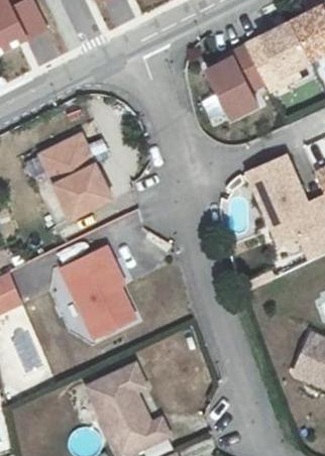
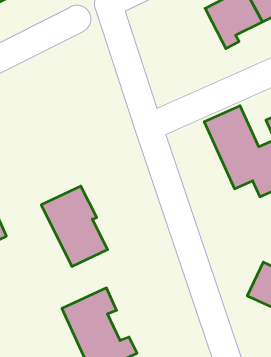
building: [208,46,265,120] -> none
building: [41,134,113,218] -> none

